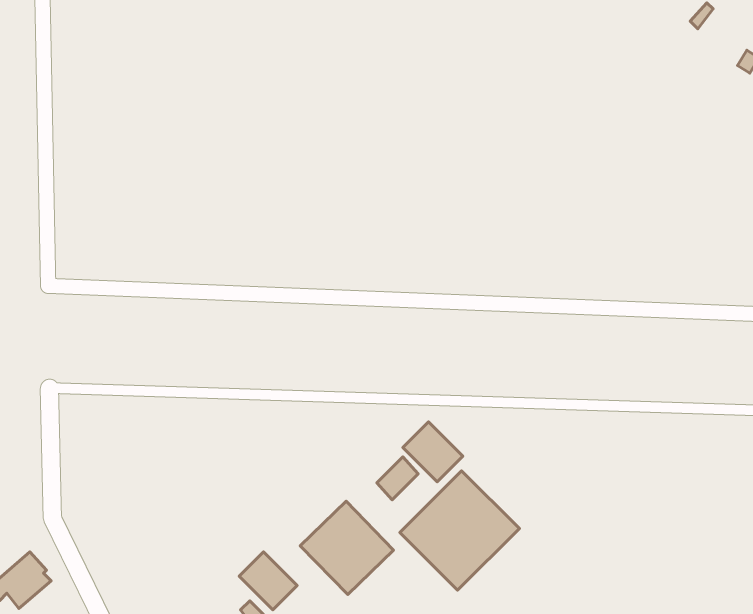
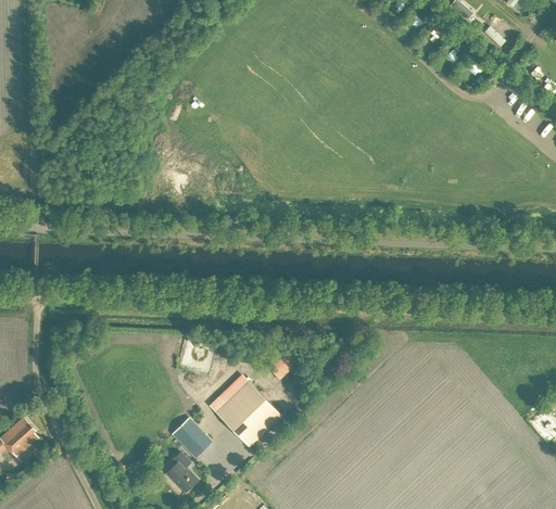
building: [403,422,463,482] -> none
building: [400,471,519,590] -> none

